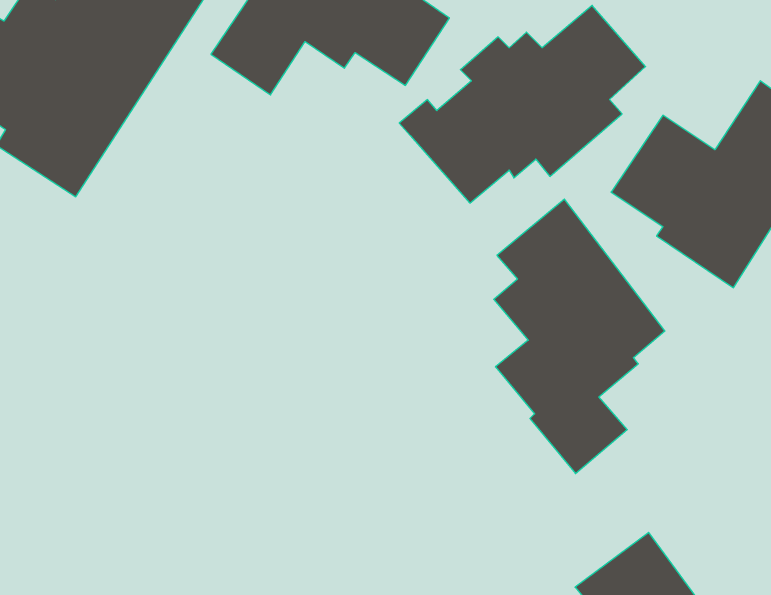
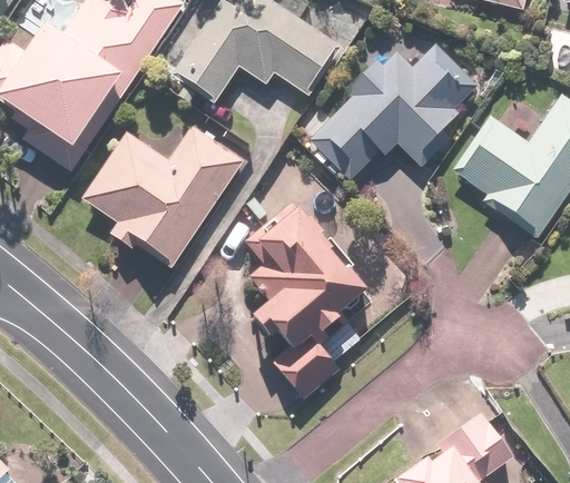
building: none -> [78,124,246,266]
building: [494,199,665,474] -> [243,203,364,397]

